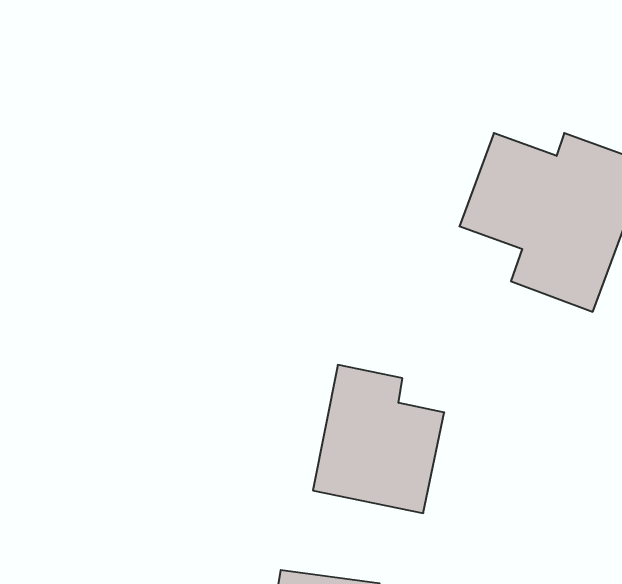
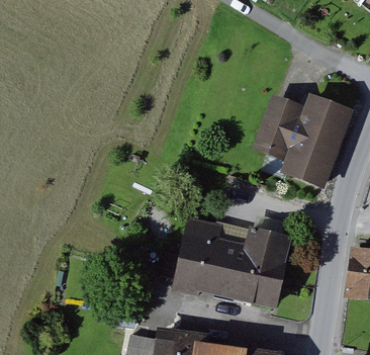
building: none -> [234,227,293,305]

